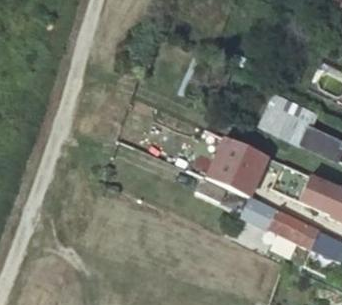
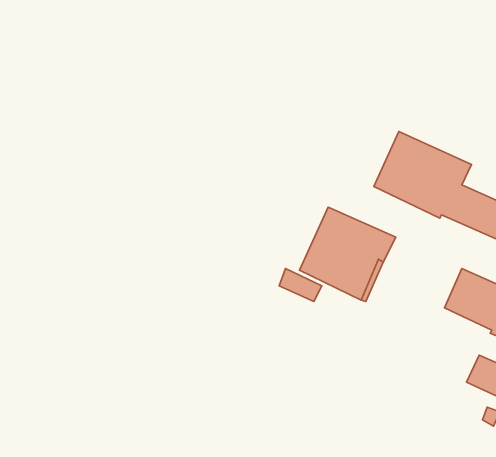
building: [246,201,321,252] -> none

